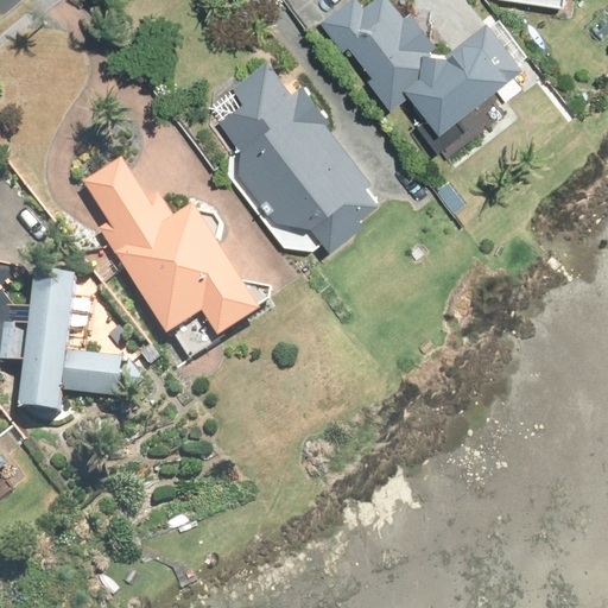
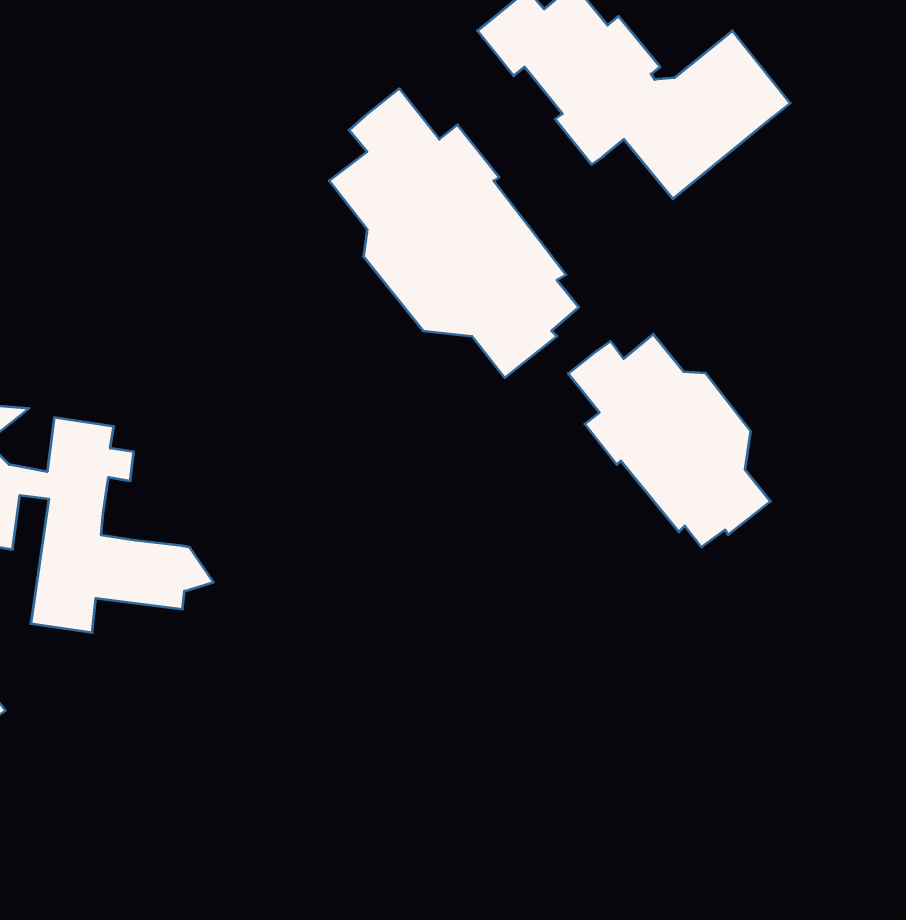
building: [80,158,261,341] -> none
building: none -> [568,334,771,547]

